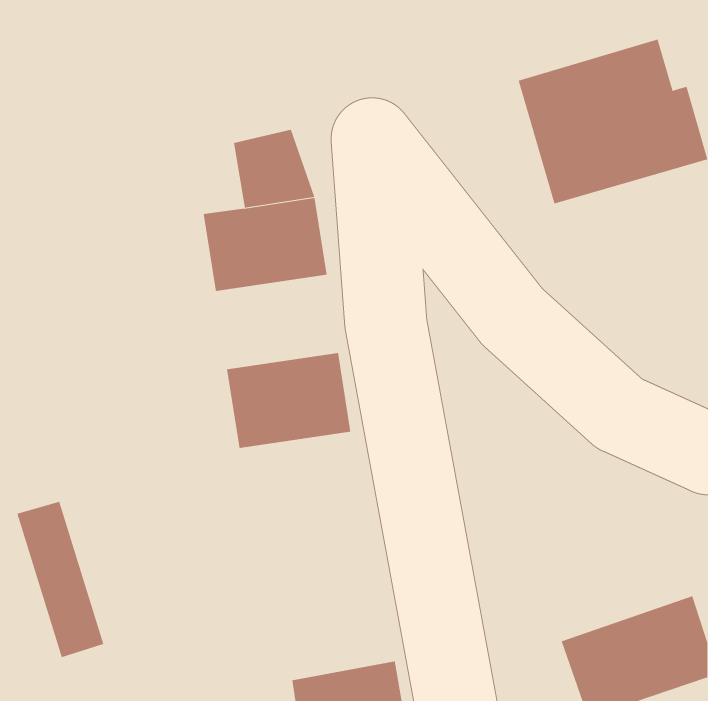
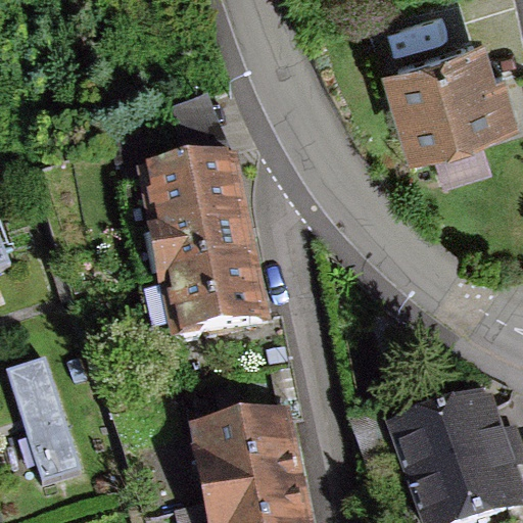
building: none -> [158,208,249,278]
building: none -> [392,385,510,478]
building: none -> [202,425,291,507]

